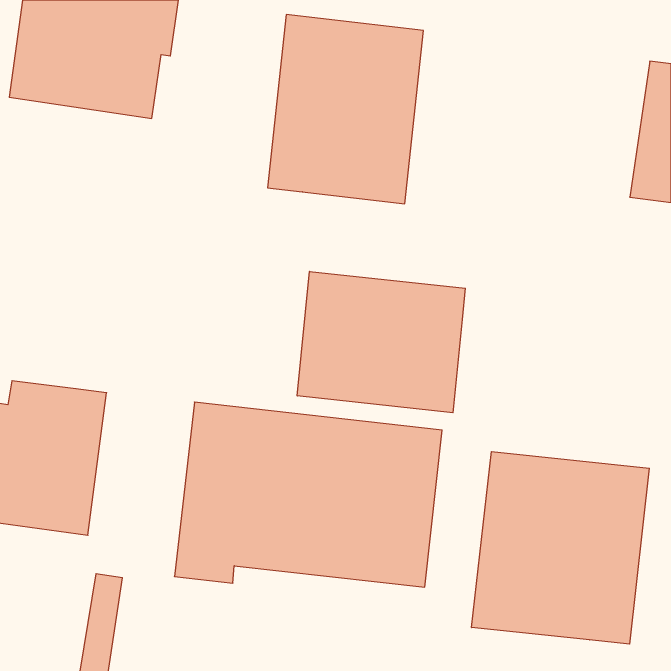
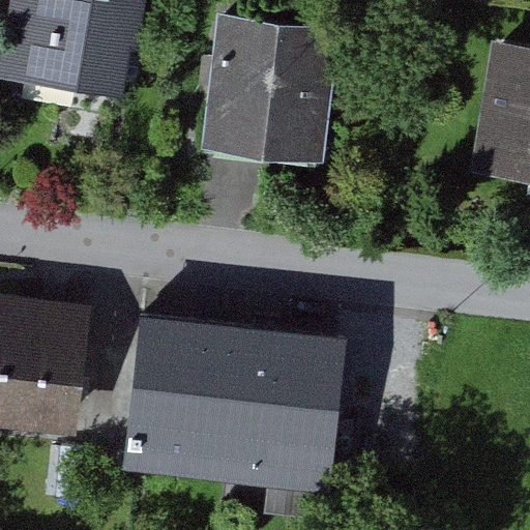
building: [297,271,465,413] -> none
building: [472,452,649,644] -> none

